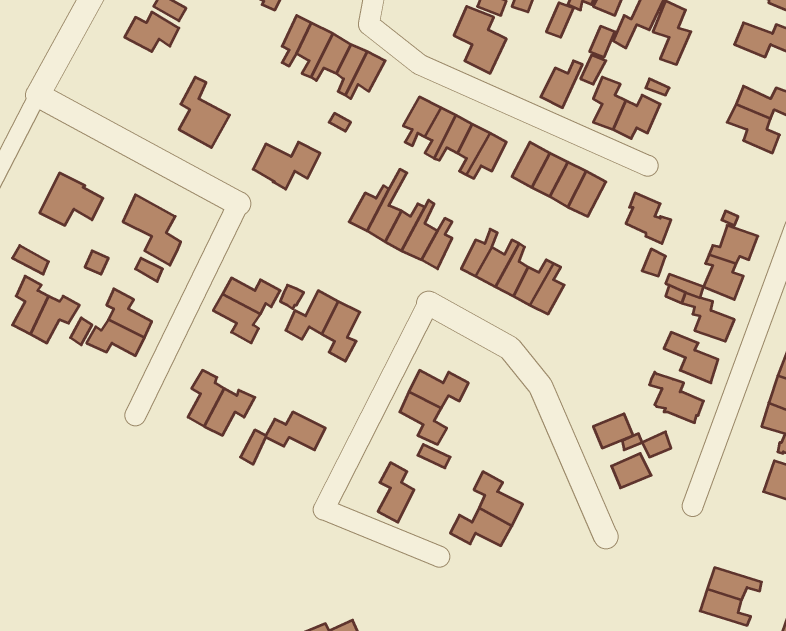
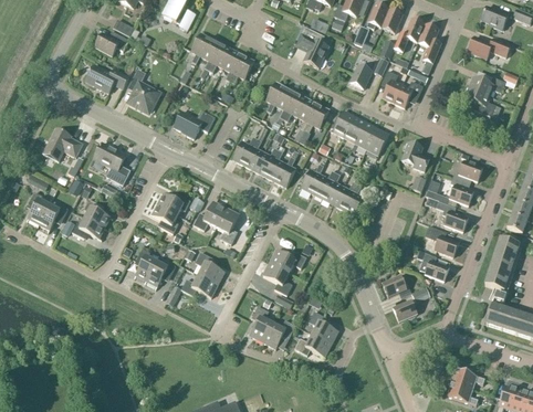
building: none -> [85,64,128,92]
building: none -> [195,251,224,284]
building: none -> [262,319,295,348]

